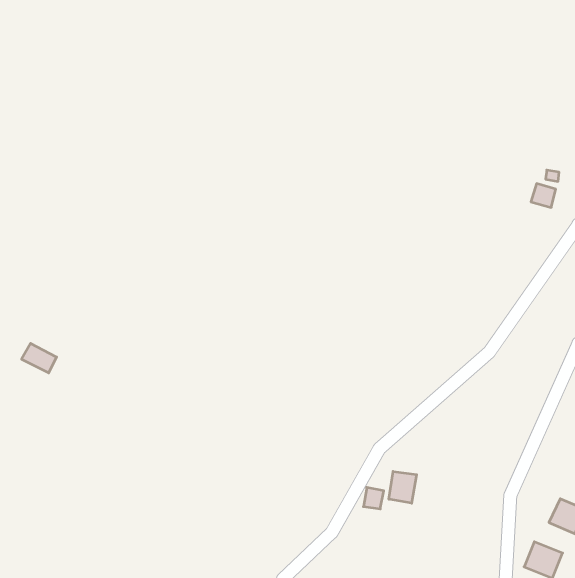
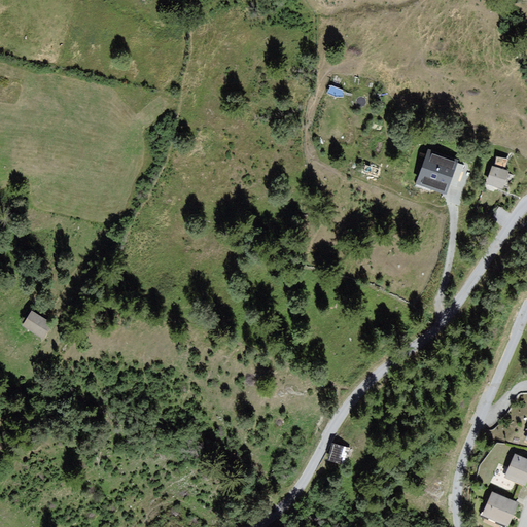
building: none -> [421,149,461,194]
building: [389,471,417,503] -> none

